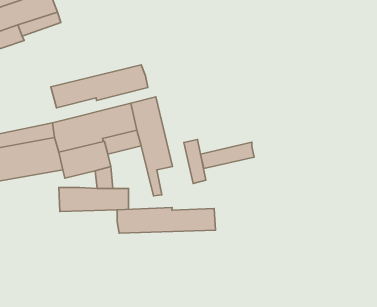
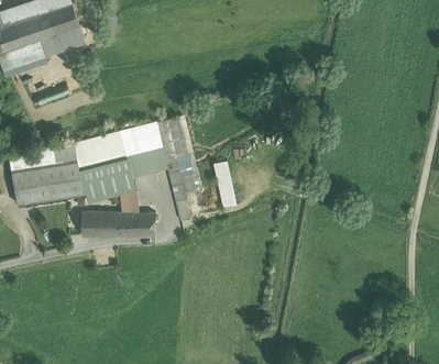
building: [51,65,148,108] -> none
building: [200,142,254,168] -> none
building: [117,208,215,233] -> none

